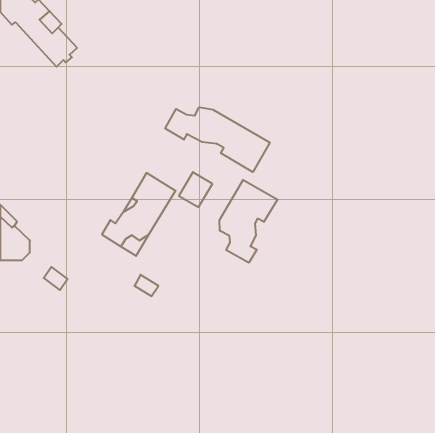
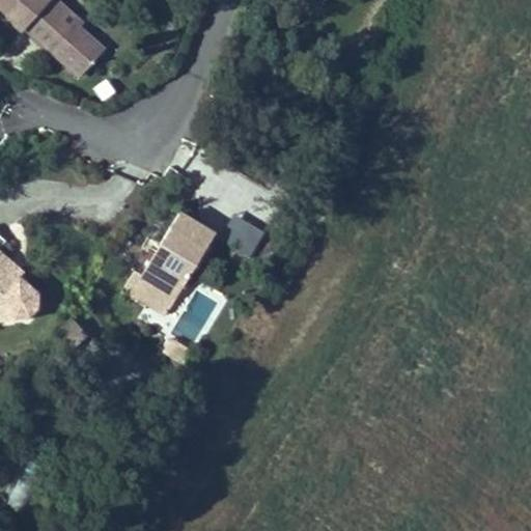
building: [165,107,270,172] -> none
building: [220,180,278,263] -> none

